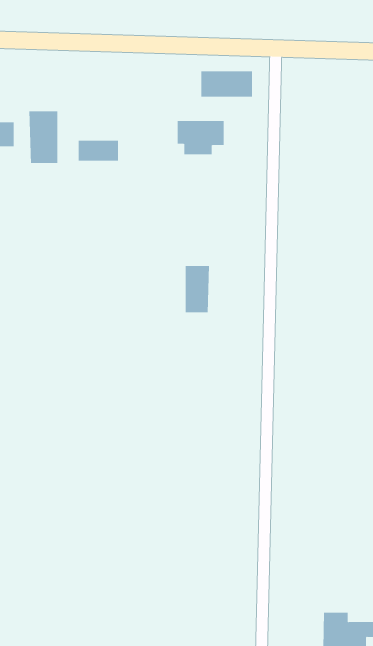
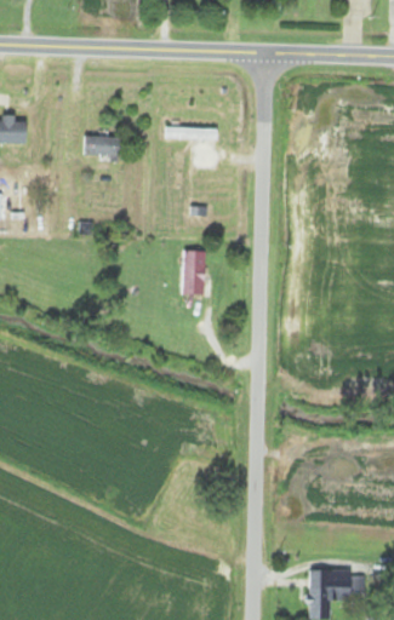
building: [201,71,252,97] -> none
building: [29,111,58,164] -> none

